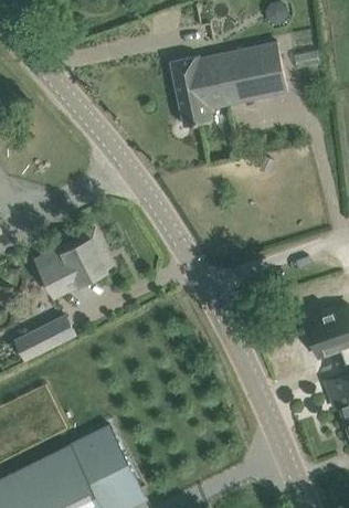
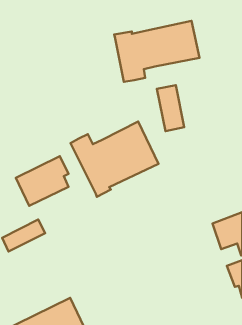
building: none -> [157,85,184,131]
building: none -> [71,122,158,197]

